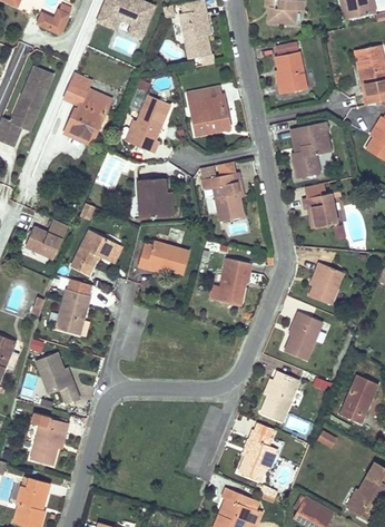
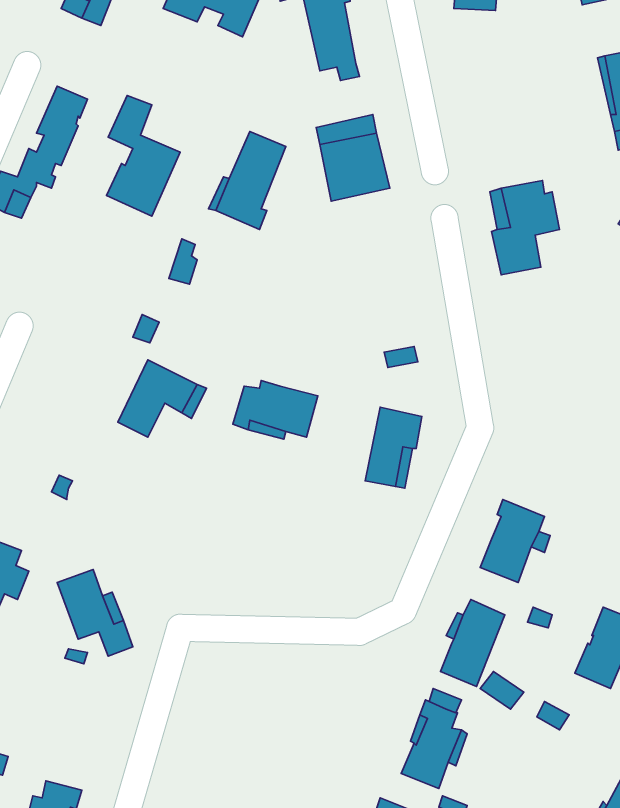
building: [275,51,307,94] -> none
building: [203,170,244,219] -> none
building: [138,177,168,215] -> none
building: [303,193,337,227] -> none
building: [26,217,67,257] -> none
building: [308,261,345,304] -> none
building: [56,287,89,334] -> none
building: [31,417,69,465] -> none

